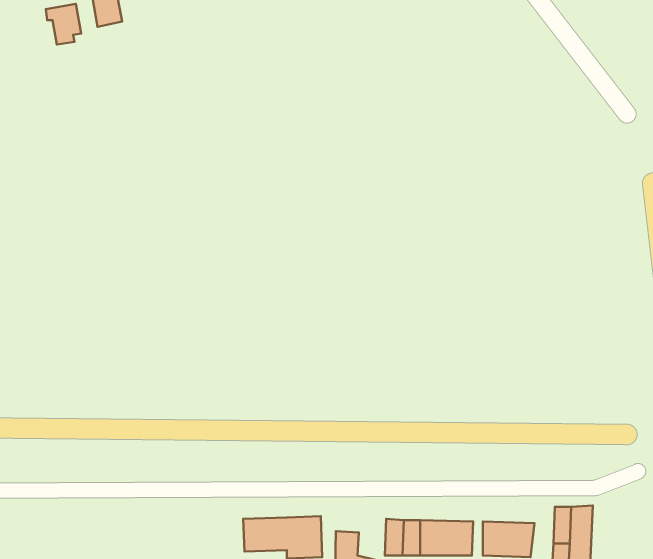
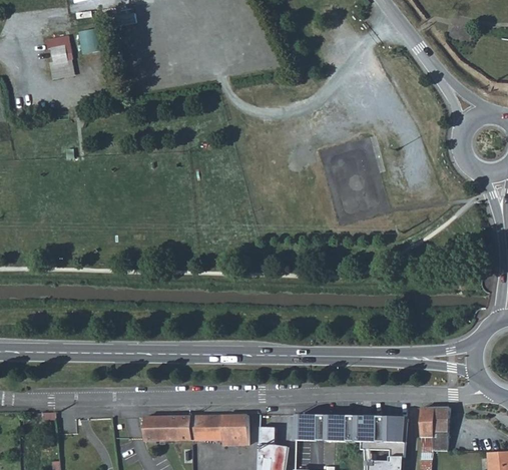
building: none -> [144,416,191,440]

